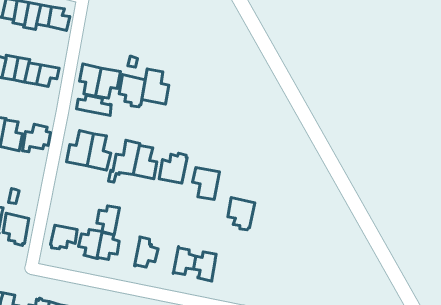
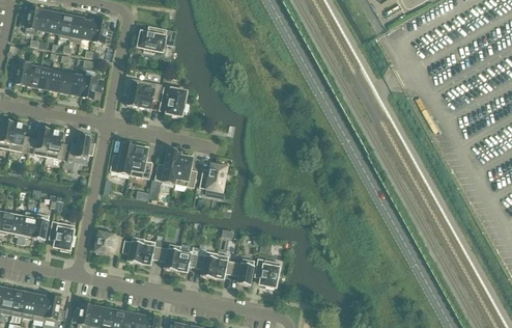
building: none -> [136,25,166,53]
building: [142,69,169,104] -> none
building: [76,95,111,116] -> none
building: [193,168,219,199] -> none
building: [228,198,255,230] -> [254,257,280,289]
building: [97,206,119,235] -> [159,243,180,271]
building: none -> [195,250,218,278]

